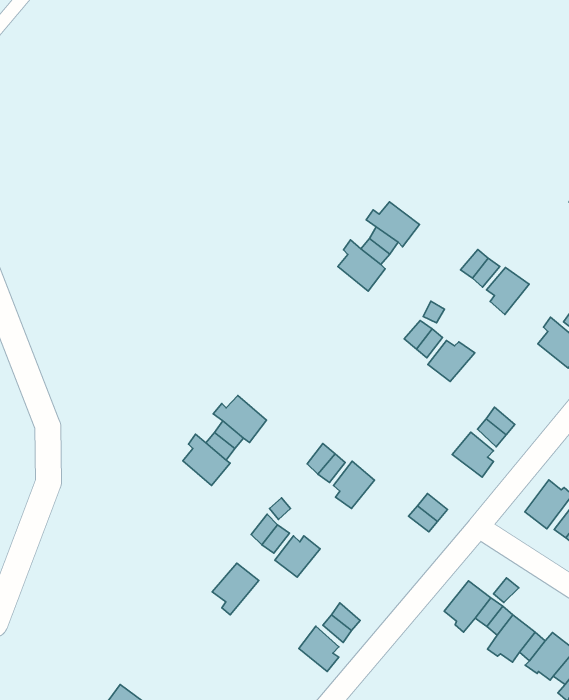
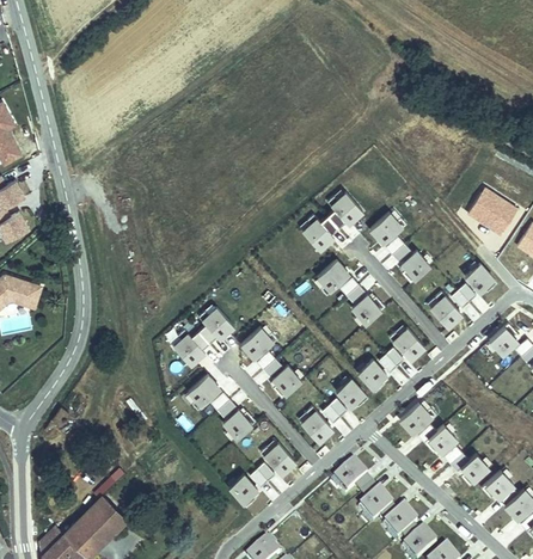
building: none -> [370,213,408,245]
building: none -> [318,260,350,296]
building: none -> [391,328,425,361]
building: none -> [243,328,278,361]
building: none -> [337,380,369,410]
building: none -> [302,407,335,444]
building: [212,563,259,615] -> [189,376,222,411]
building: none -> [262,444,298,477]

